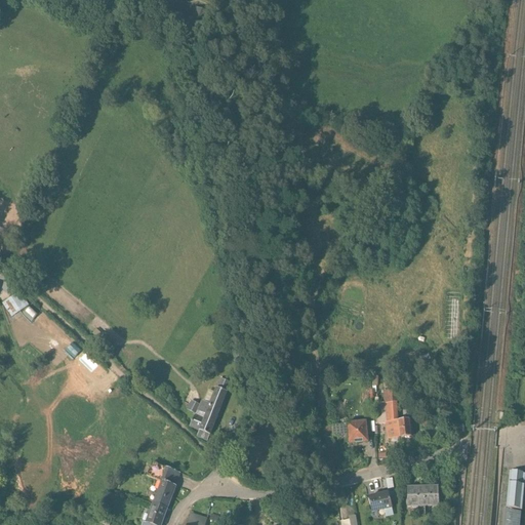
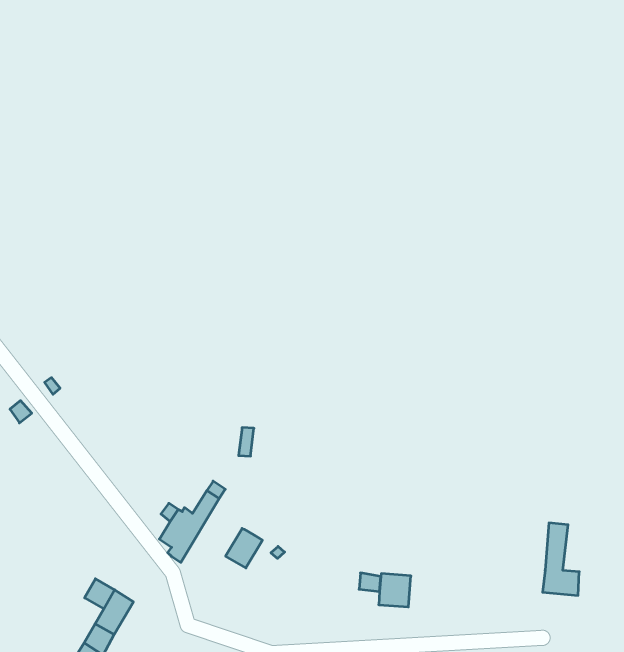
building: [383,388,412,437] -> [543,523,579,595]
building: none -> [226,528,262,568]

